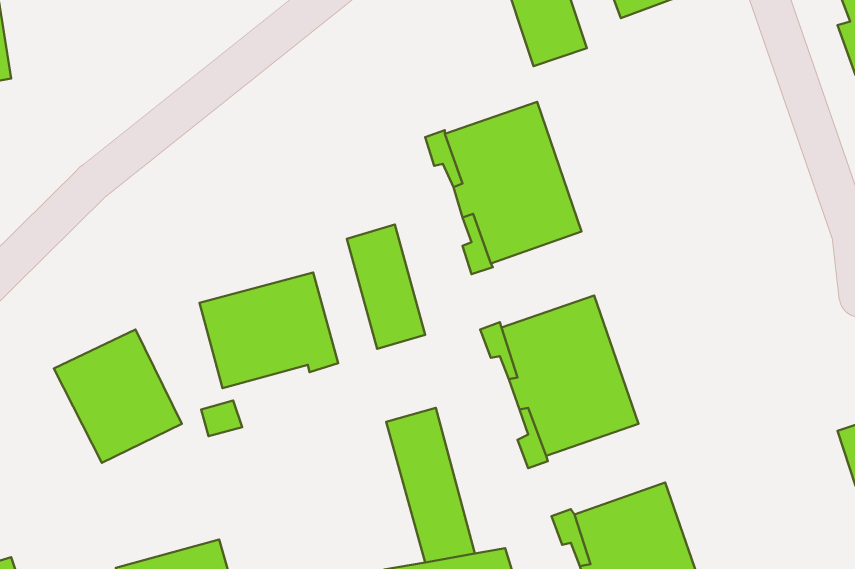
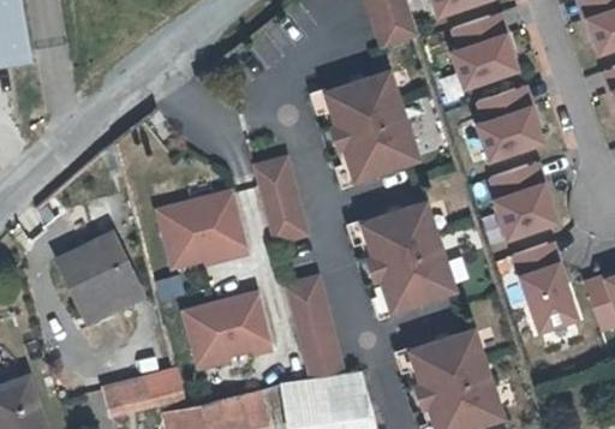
building: none -> [454,17,519,89]
building: none -> [478,93,543,161]
building: none -> [489,168,560,244]
building: none -> [515,251,579,334]
building: none -> [186,293,277,367]

